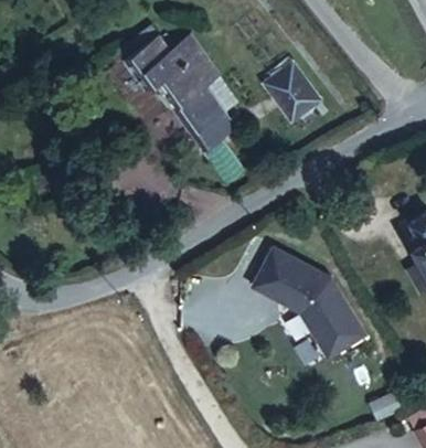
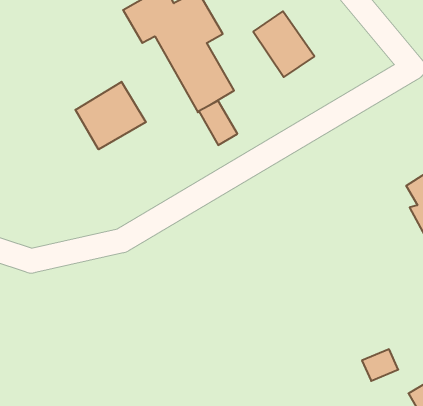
building: none -> [75,82,146,149]
building: [253,250,365,363] -> none

